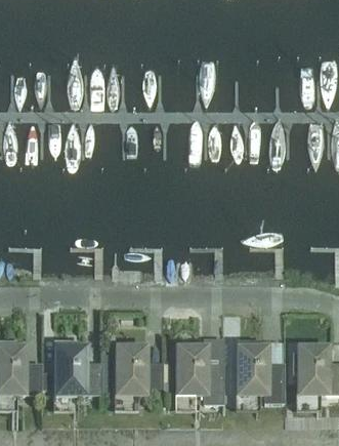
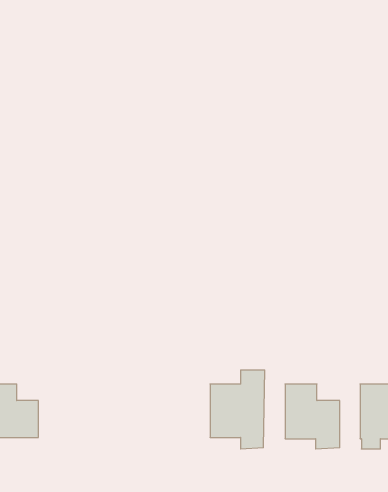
building: [57,349,100,392] -> none
building: [118,349,161,392] -> none

